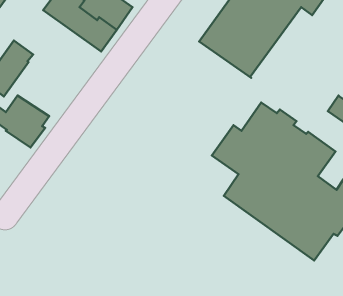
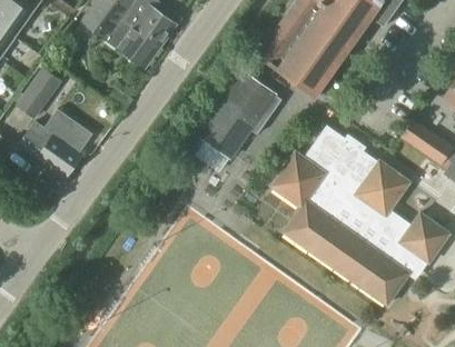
building: none -> [179,67,281,158]

